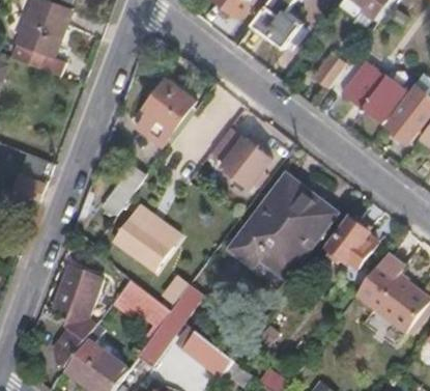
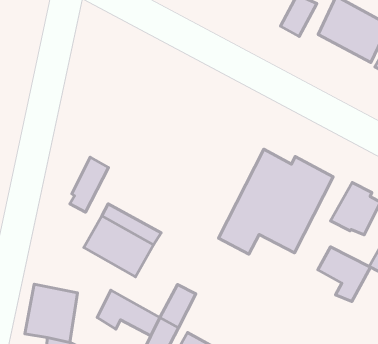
building: [139,78,194,143] -> none
building: [216,131,271,186] -> none
building: none -> [318,247,370,302]

